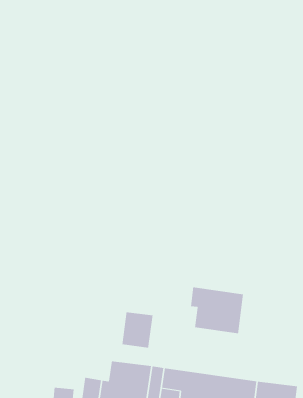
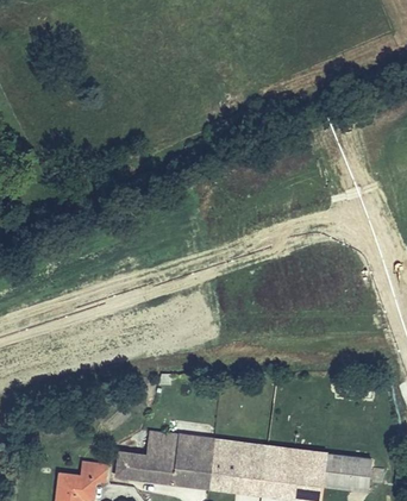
building: [190,286,243,334] -> none
building: [122,311,153,348] -> none

